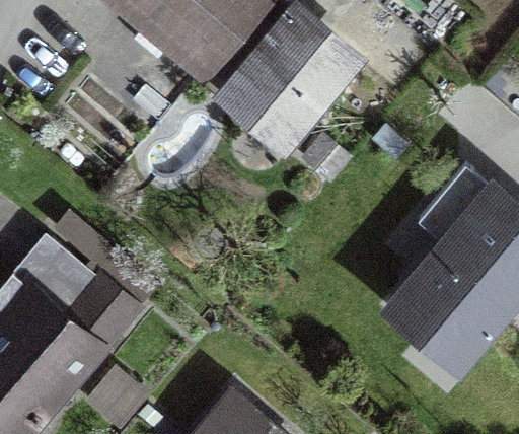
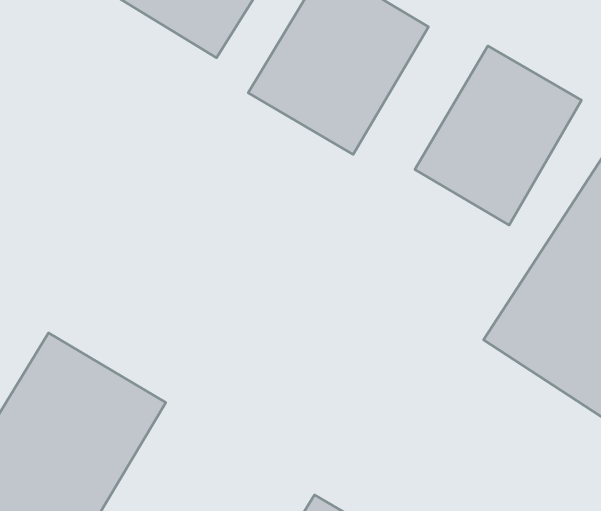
building: none -> [415,46,582,225]

